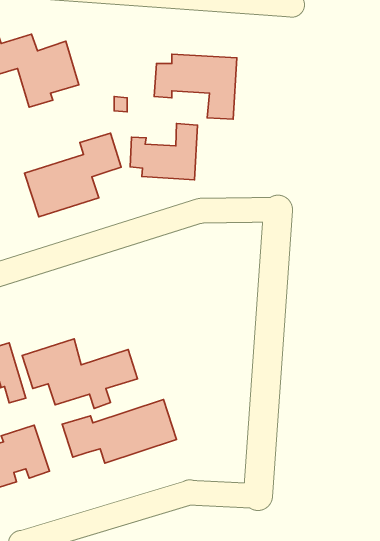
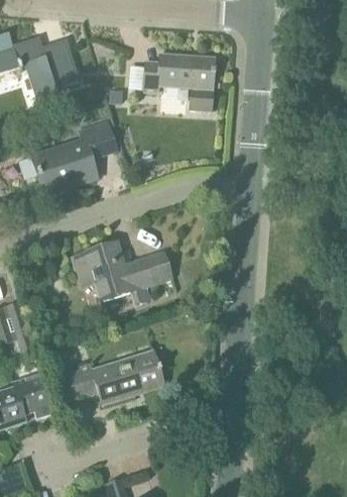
building: [130,124,197,180] -> none
building: [22,339,138,408] -> [73,242,171,302]

